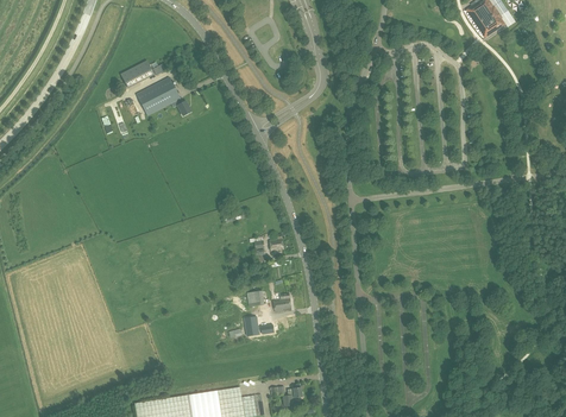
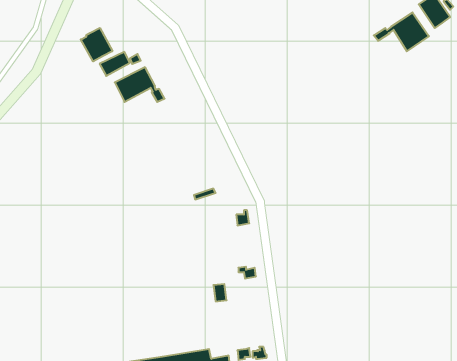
building: none -> [374,12,429,51]
building: none -> [81,28,112,61]

